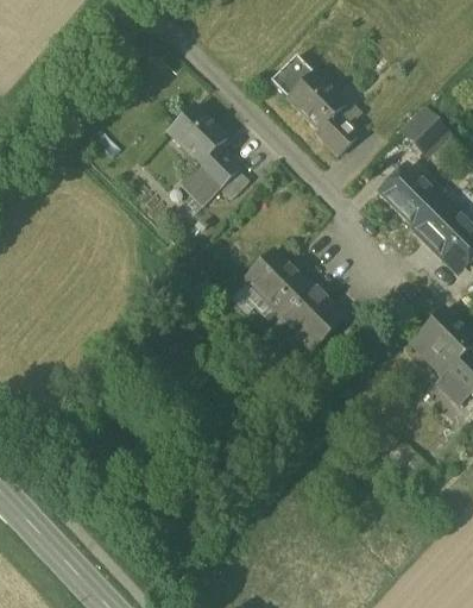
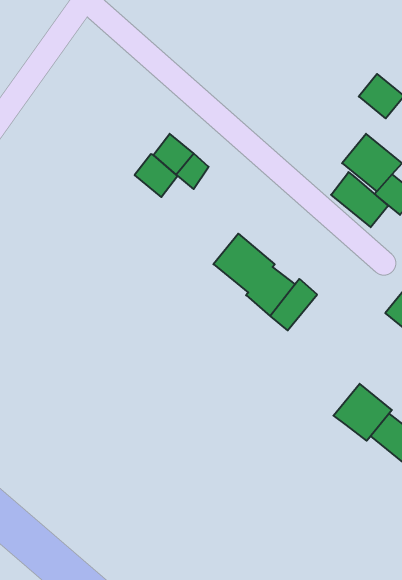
building: [270,54,357,153] -> none
building: [169,105,226,163] -> none
building: none -> [331,172,388,227]
building: none -> [333,384,392,441]

